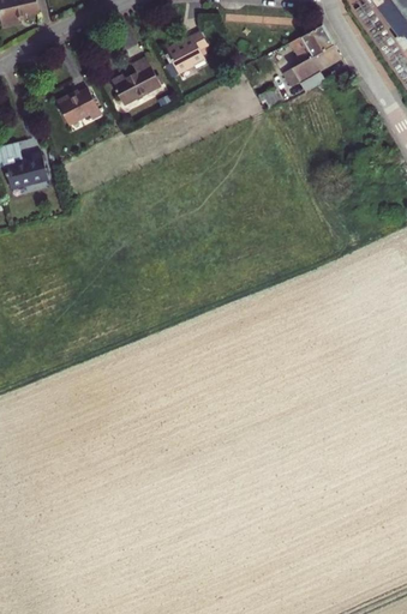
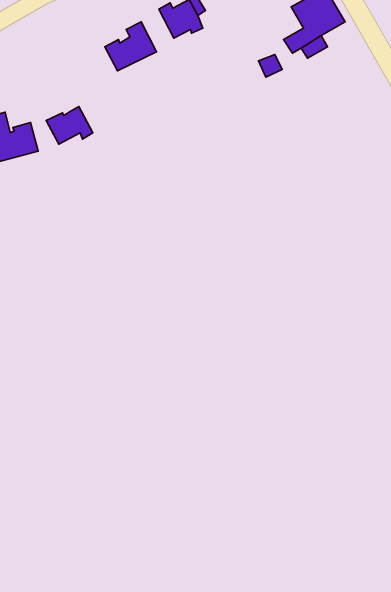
building: [55,88,100,124] -> [46,107,93,144]

